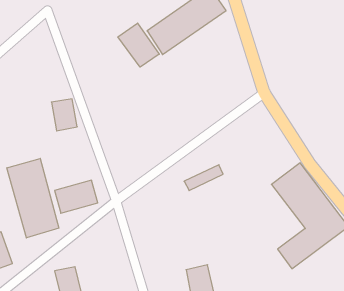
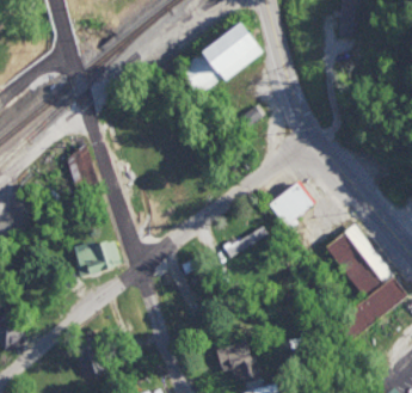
building: [118,23,159,67] -> none
building: none -> [264,182,313,228]
building: [7,158,59,238] -> none

